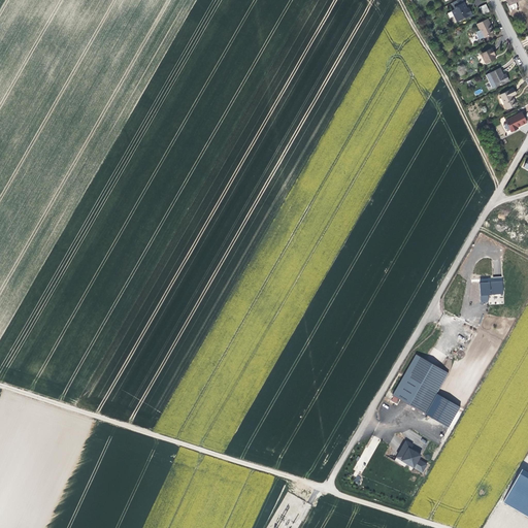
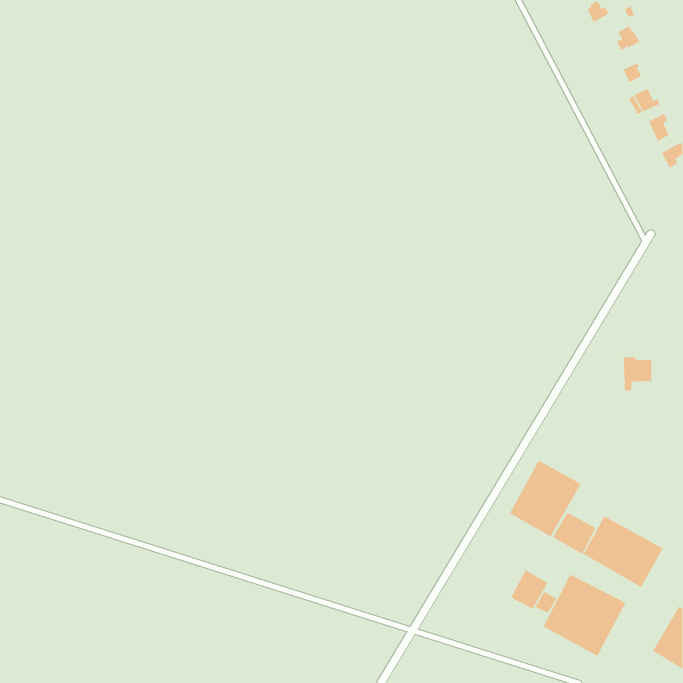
building: none -> [583,515,664,588]
building: none -> [543,574,626,656]

